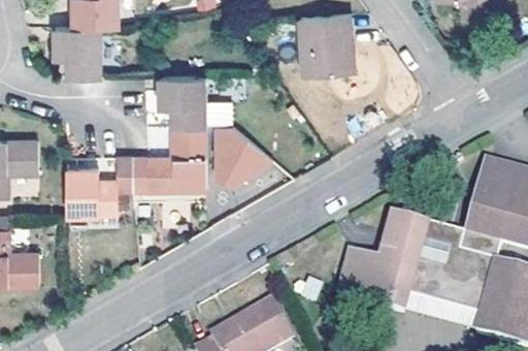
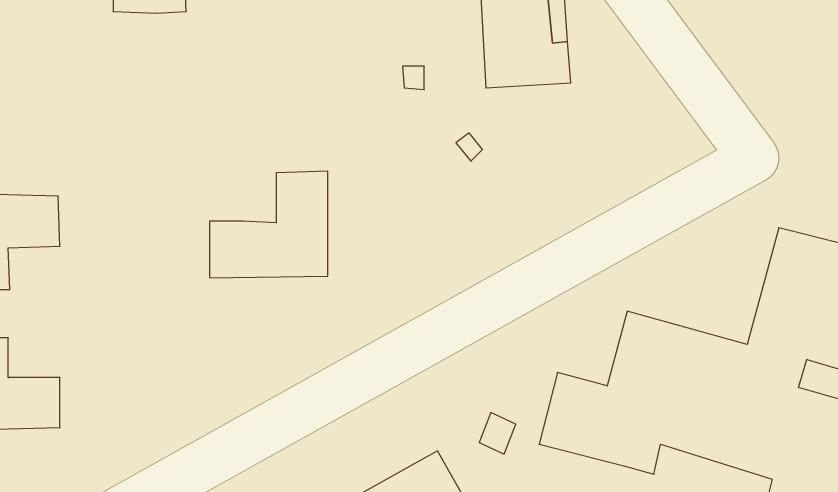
building: [54,25,99,77] -> none
building: [159,74,231,125] -> none
building: [211,127,266,180] -> none
building: [65,155,131,212] -> none

